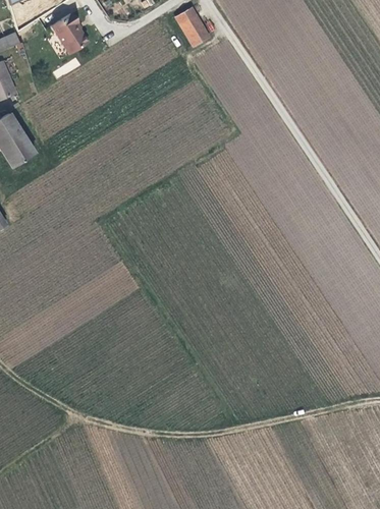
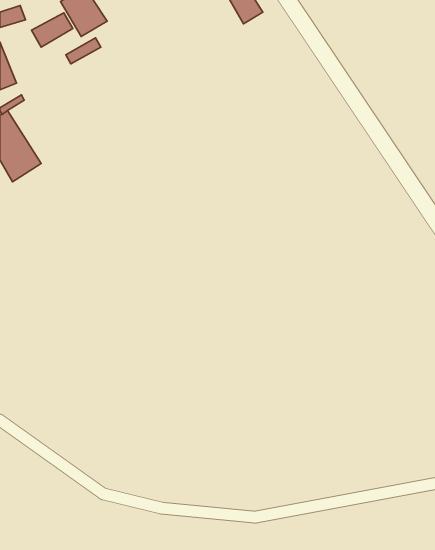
building: none -> [32,13,73,47]

